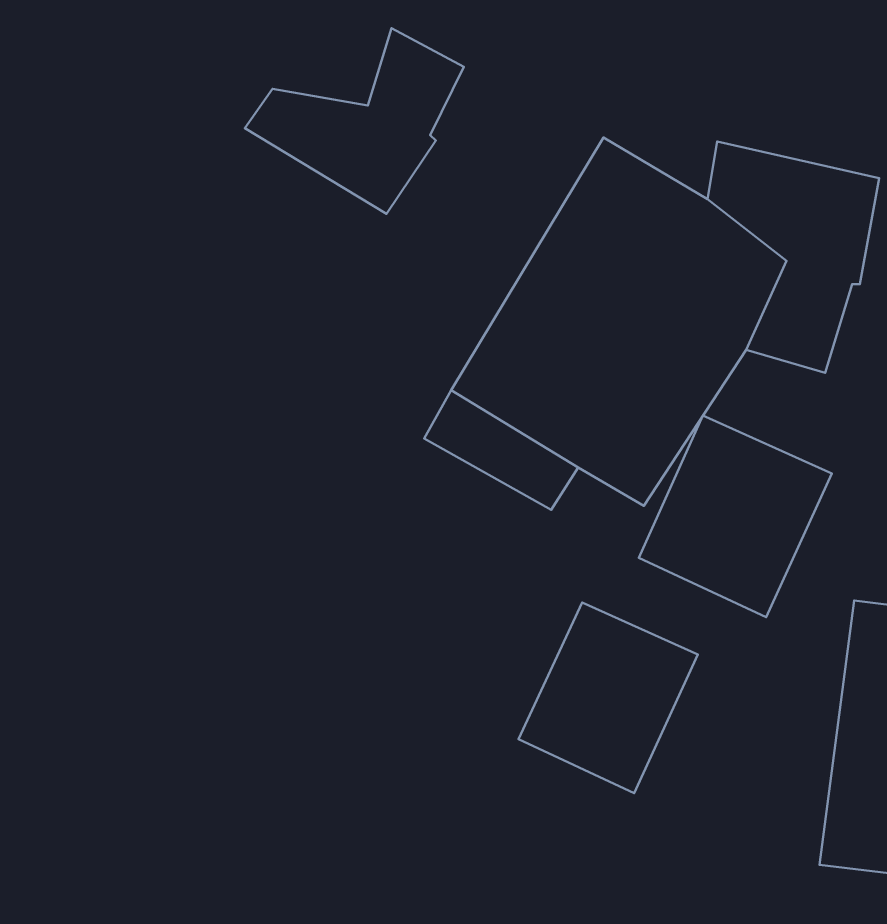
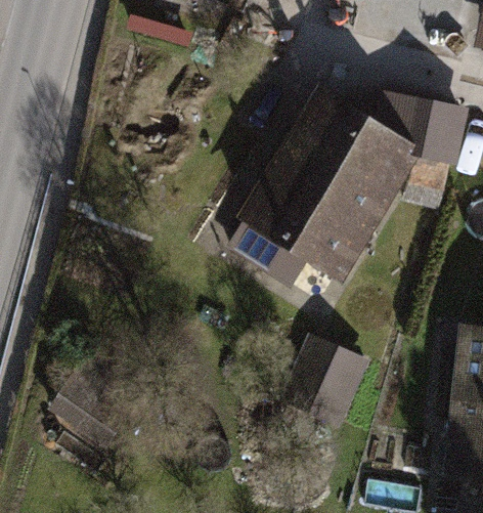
building: [245,28,464,214] -> none
building: [639,416,832,617] -> none

